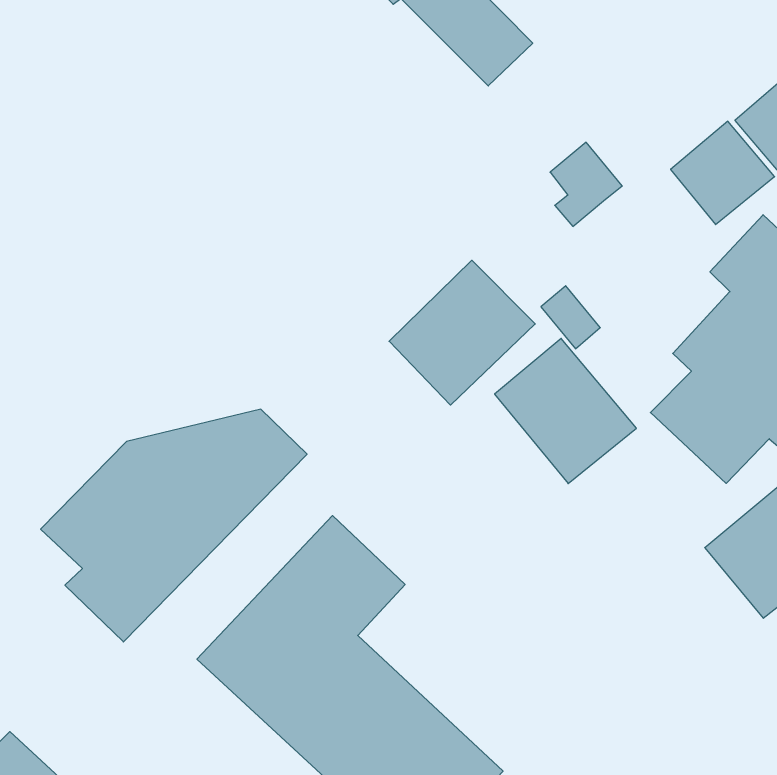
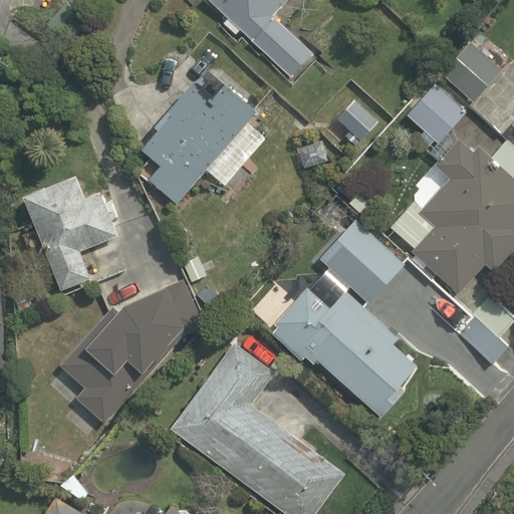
building: none -> [144,69,261,200]
building: none -> [21,173,119,290]
building: [389,260,535,405] -> none
building: none -> [248,285,428,427]

